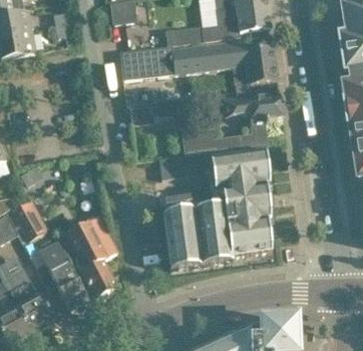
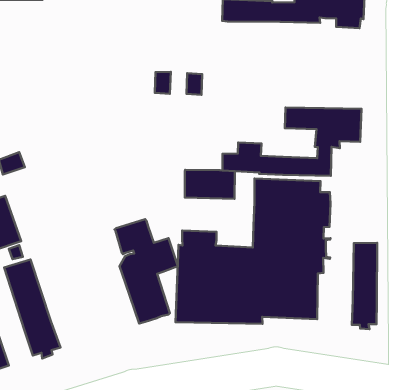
building: [120,40,277,86] -> none
building: none -> [352,243,377,329]
building: [66,222,116,298] -> [114,219,178,323]

